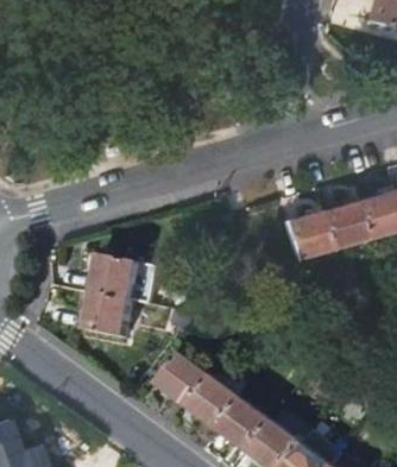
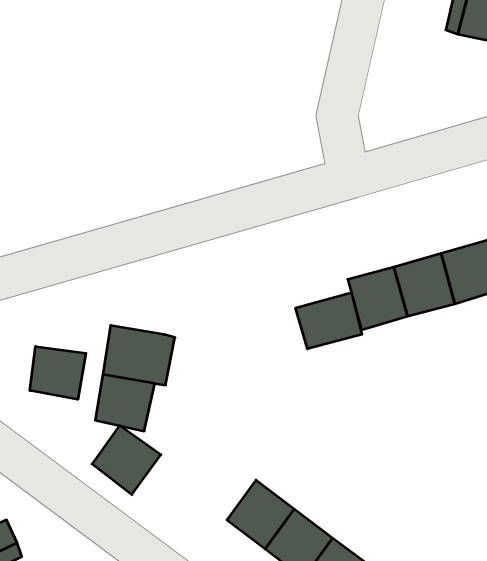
building: none -> [296,293,362,349]
building: none -> [30,346,86,399]
building: [160,354,214,408] -> [92,426,161,495]

